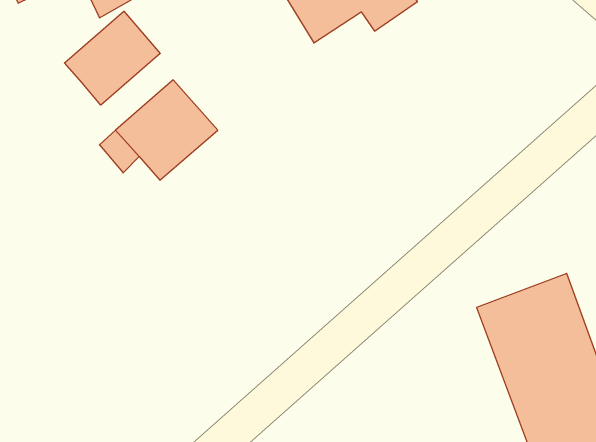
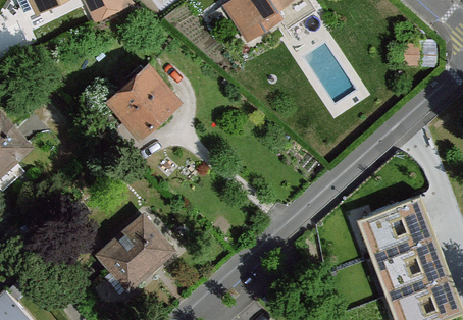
building: [65,11,160,105] -> none
building: none -> [99,216,170,286]

